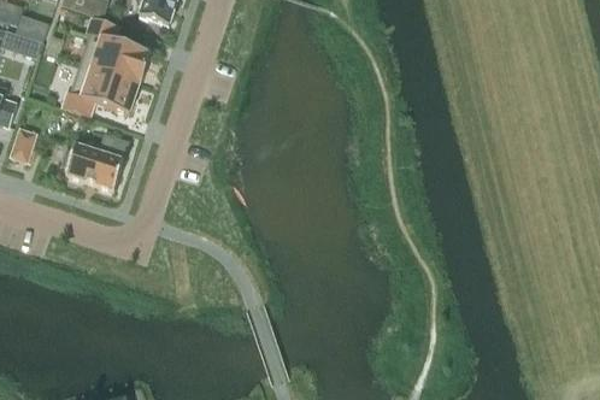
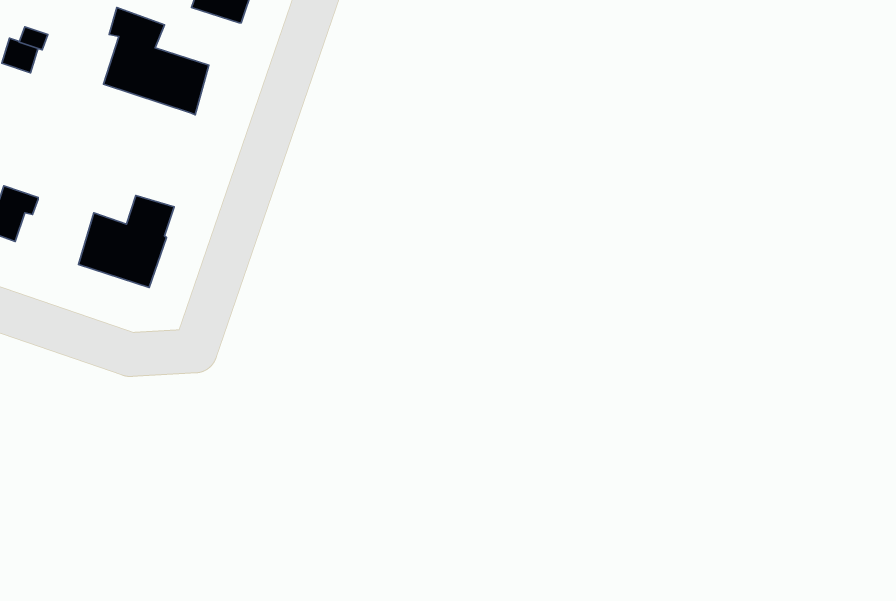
building: [60,63,137,116] -> none

